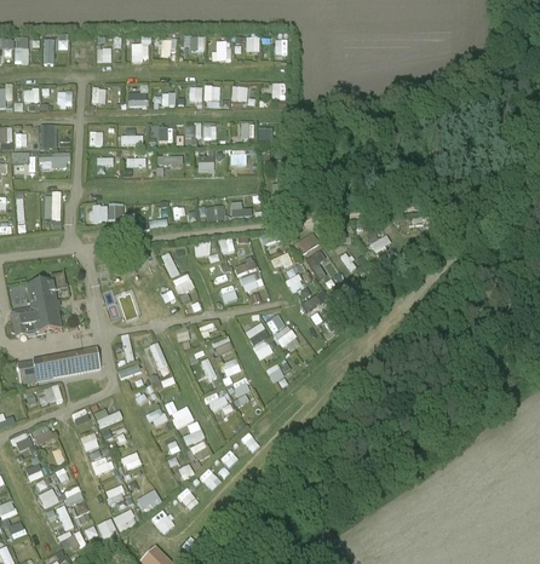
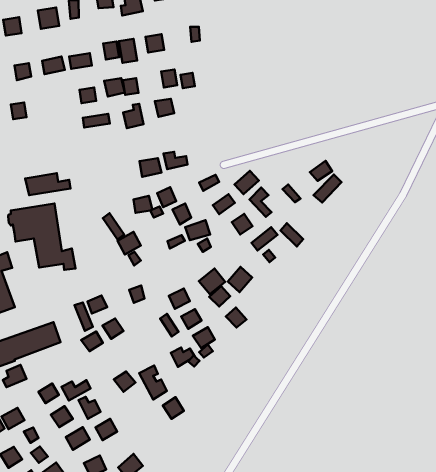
building: none -> [8,203,76,270]

